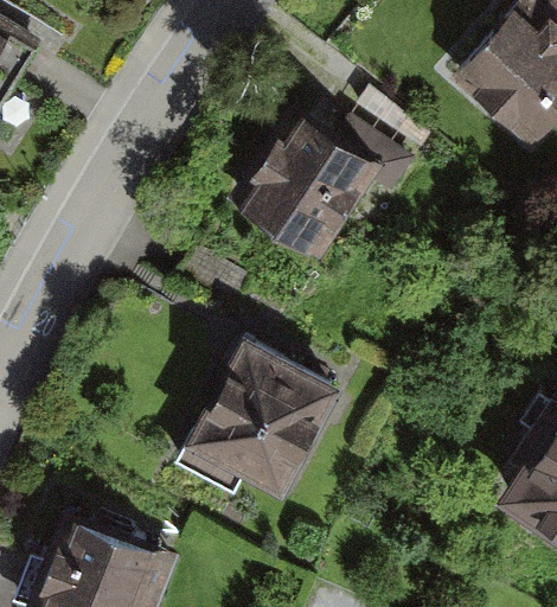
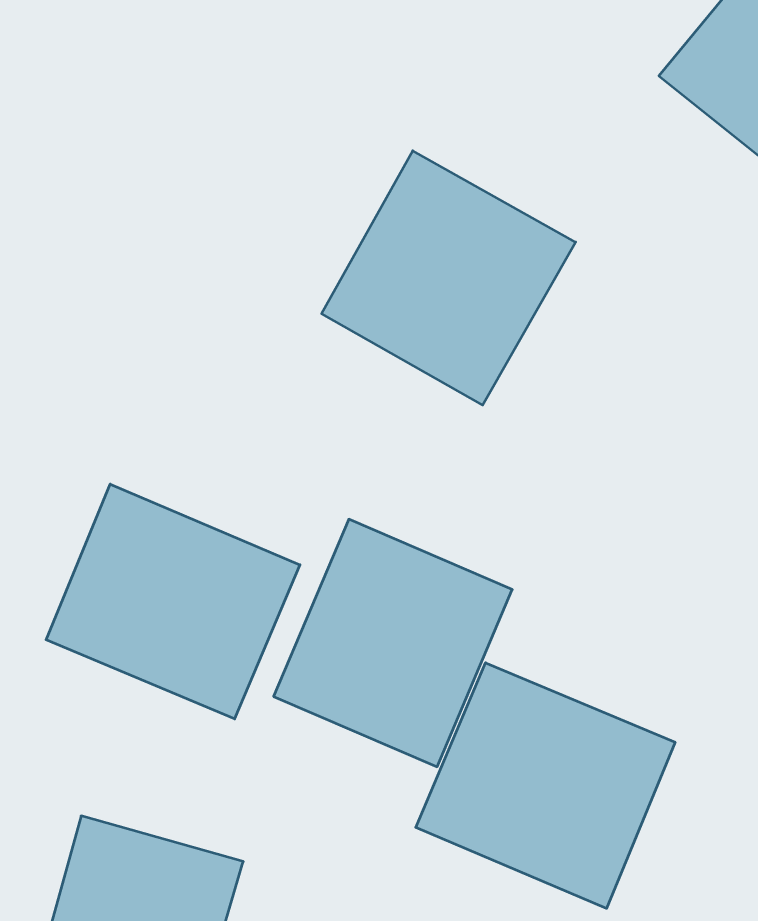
building: none -> [46,484,300,719]
building: none -> [416,663,675,908]

